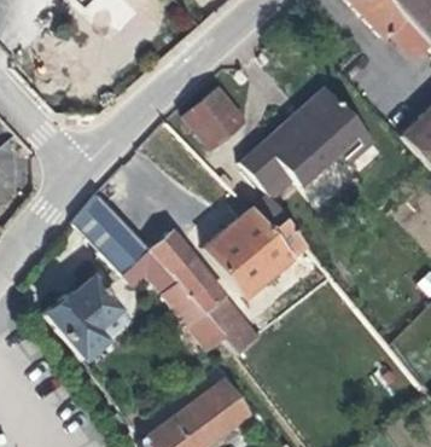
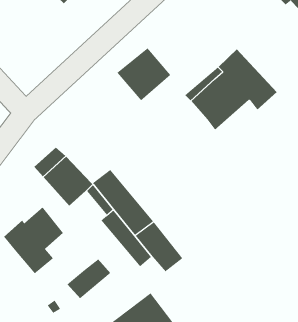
building: [240,143,289,191] -> none
building: [205,196,308,295] -> none
building: none -> [66,258,111,299]

